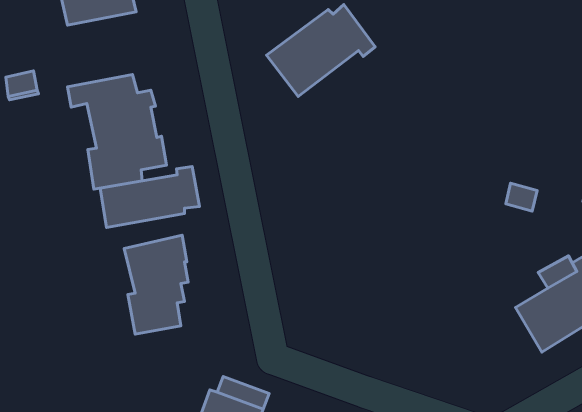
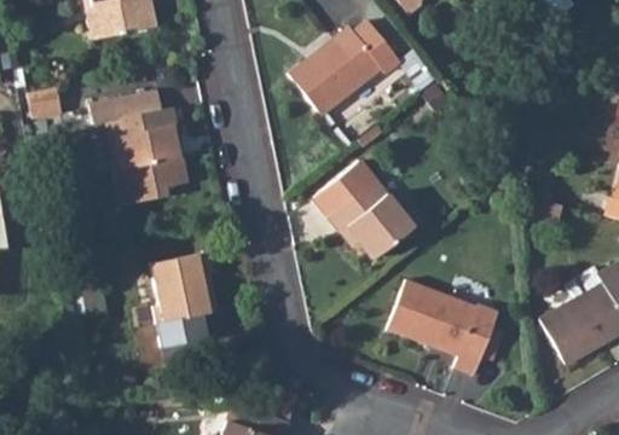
building: none -> [316,161,411,255]
building: [100,167,199,228] -> none
building: none -> [392,283,501,373]

